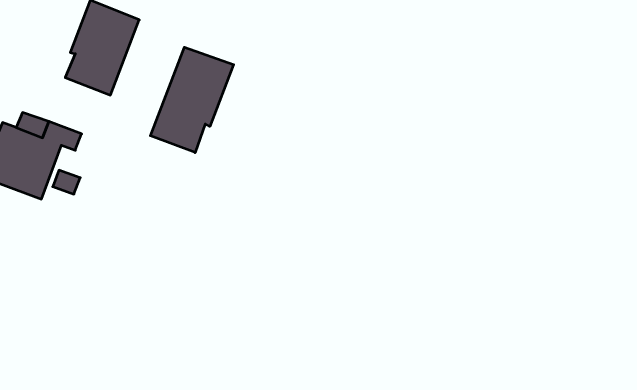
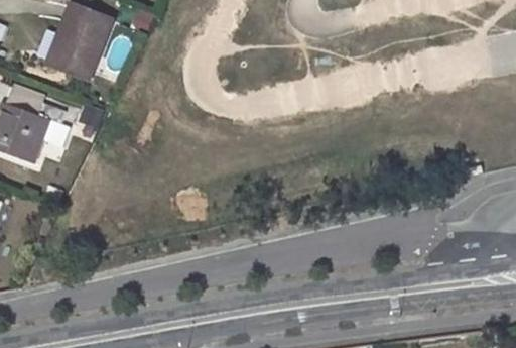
building: [150,47,234,153] -> none

